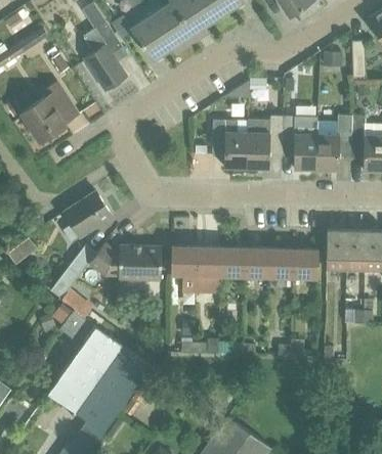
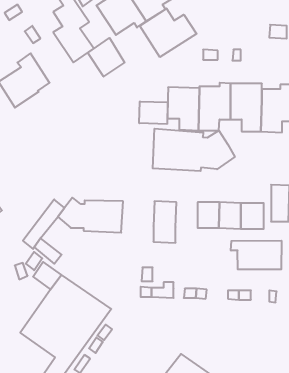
building: none -> [140,8,197,57]
building: none -> [88,38,125,77]
building: none -> [139,101,168,124]
building: none -> [153,129,235,171]
building: [63,192,112,243] -> none
building: [171,247,197,292] -> none
building: [220,248,245,277] -> none
building: none -> [231,241,281,269]

